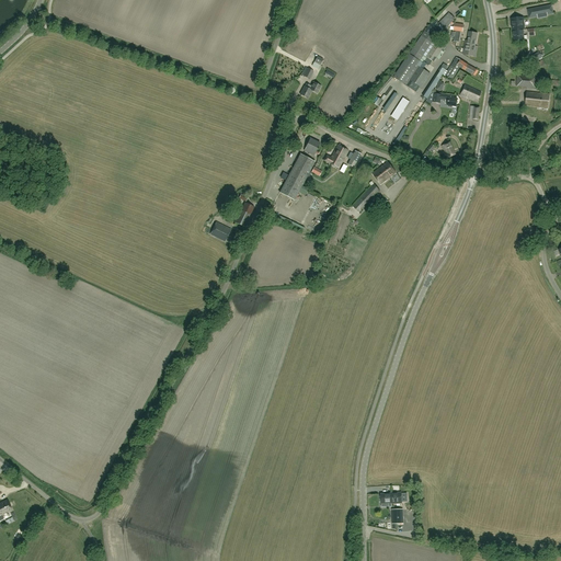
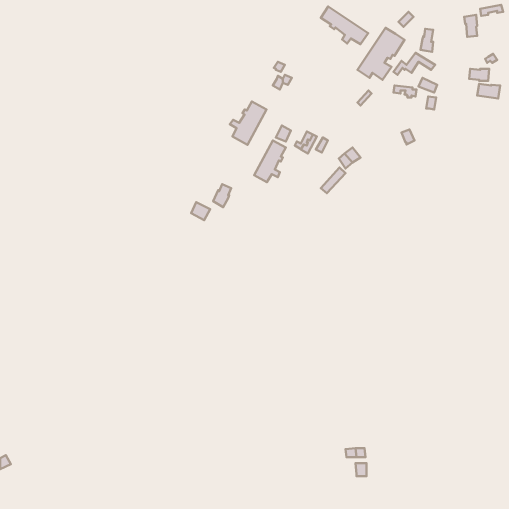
building: none -> [321,7,368,44]
building: none -> [230,102,267,145]

